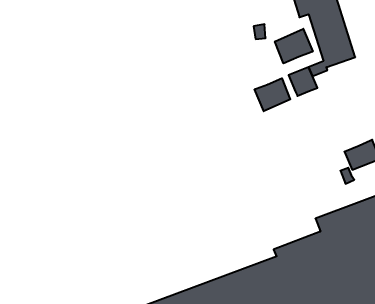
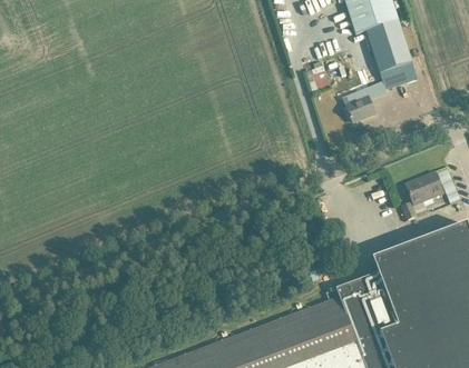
building: [275,29,313,63] -> none
building: [255,78,290,111] -> none

